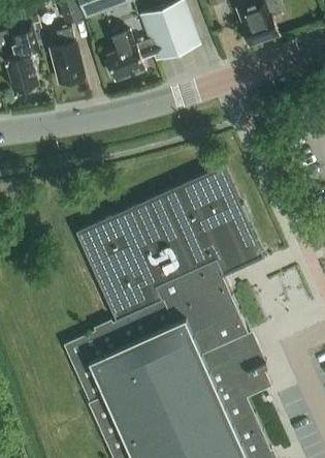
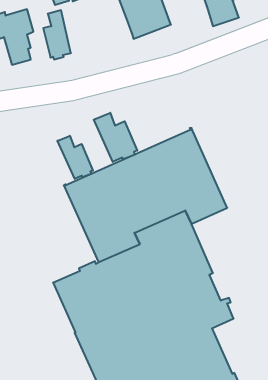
building: [105,30,154,80] -> none
building: none -> [94,113,137,162]
building: none -> [57,136,93,179]

